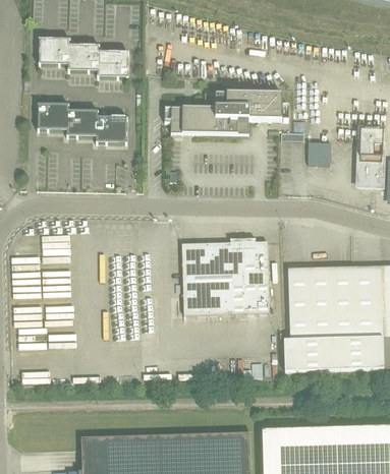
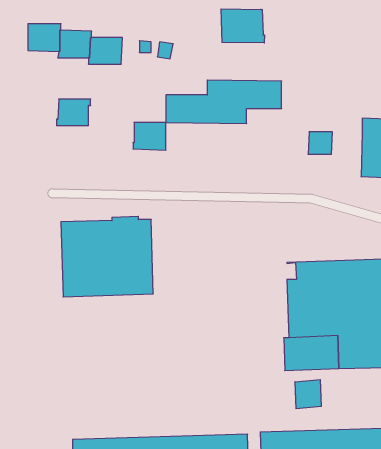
building: none -> [221,9,264,43]
building: [38,104,69,130] -> none
building: [96,117,127,143] -> [133,122,166,150]
building: [181,238,270,315] -> [61,216,153,297]
building: none -> [295,380,321,409]

